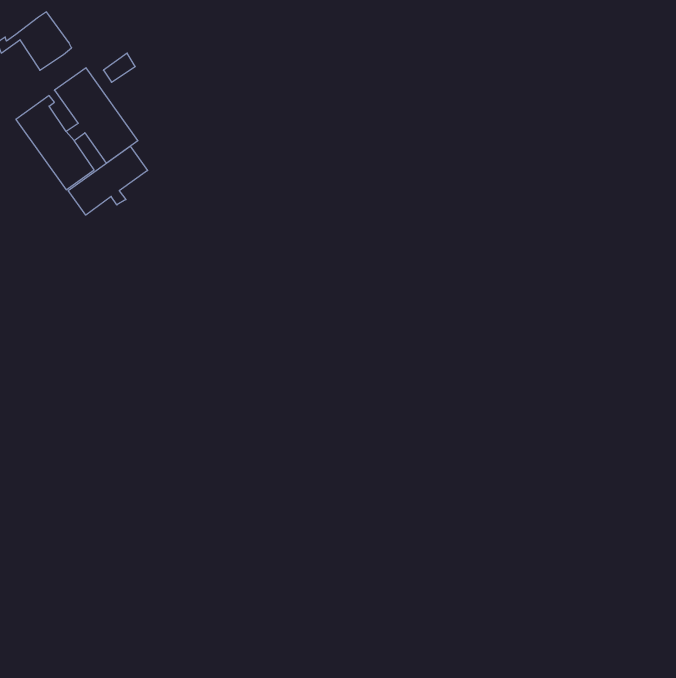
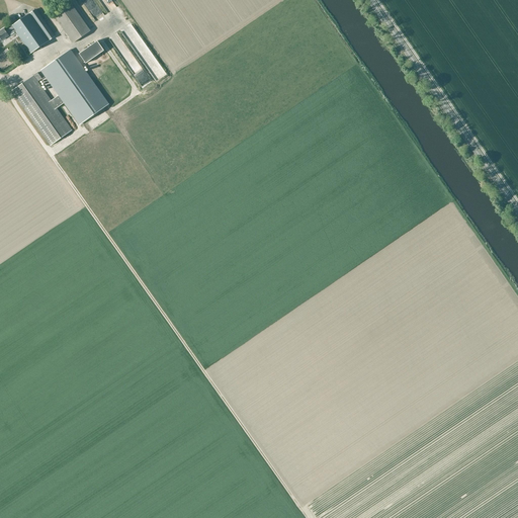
building: none -> [54,4,90,44]
building: [68,146,148,215] -> none

